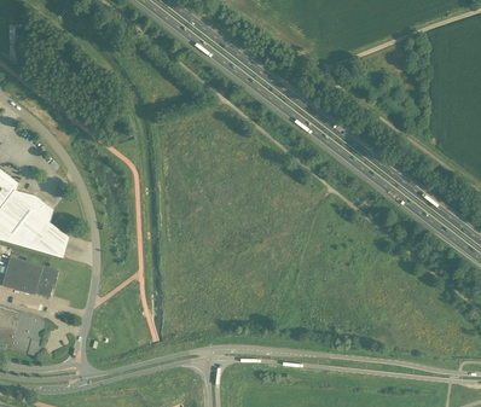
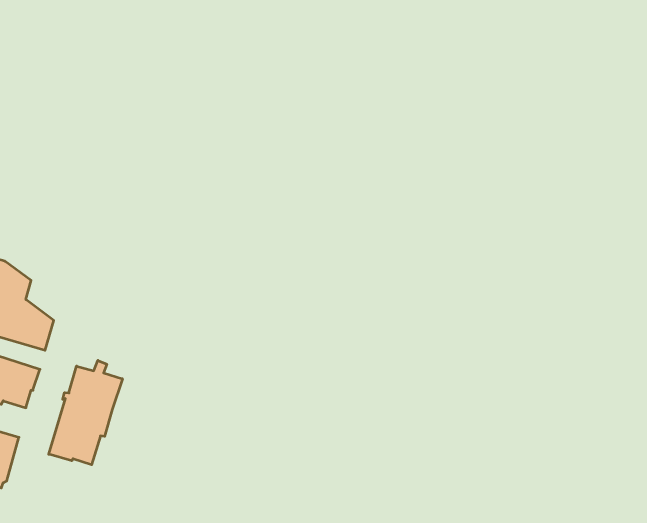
building: none -> [49,360,122,465]

